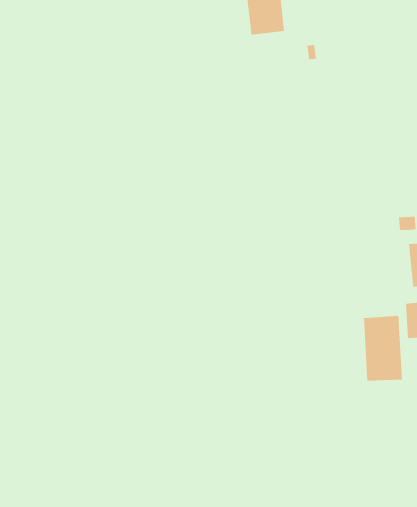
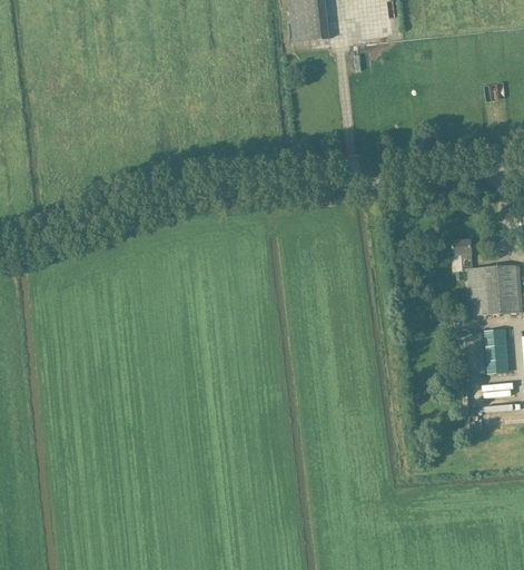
building: [363,315,403,381] -> none

